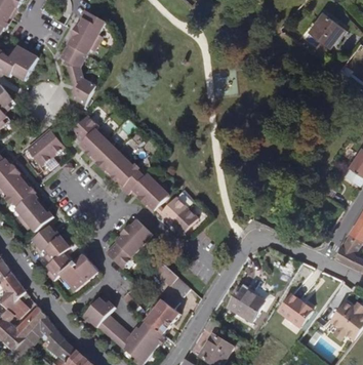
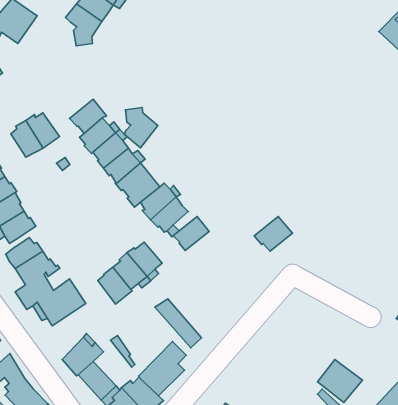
building: [70,74,95,105] -> [124,107,158,148]
building: [169,206,198,233] -> [254,217,293,251]
building: [227,286,261,321] -> none

